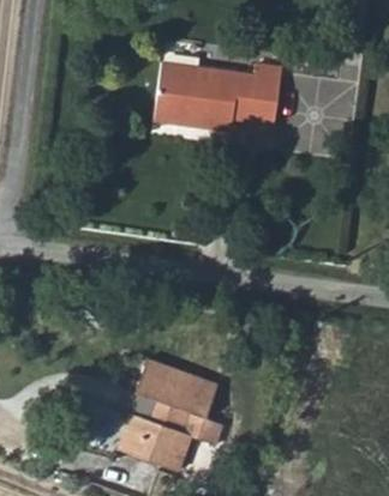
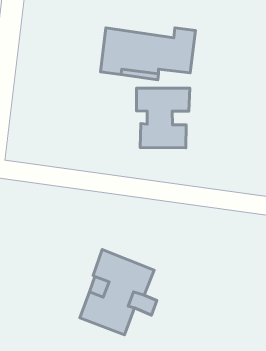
building: none -> [137,88,190,148]

